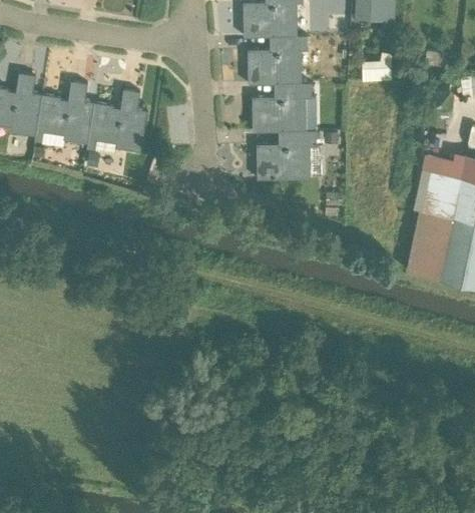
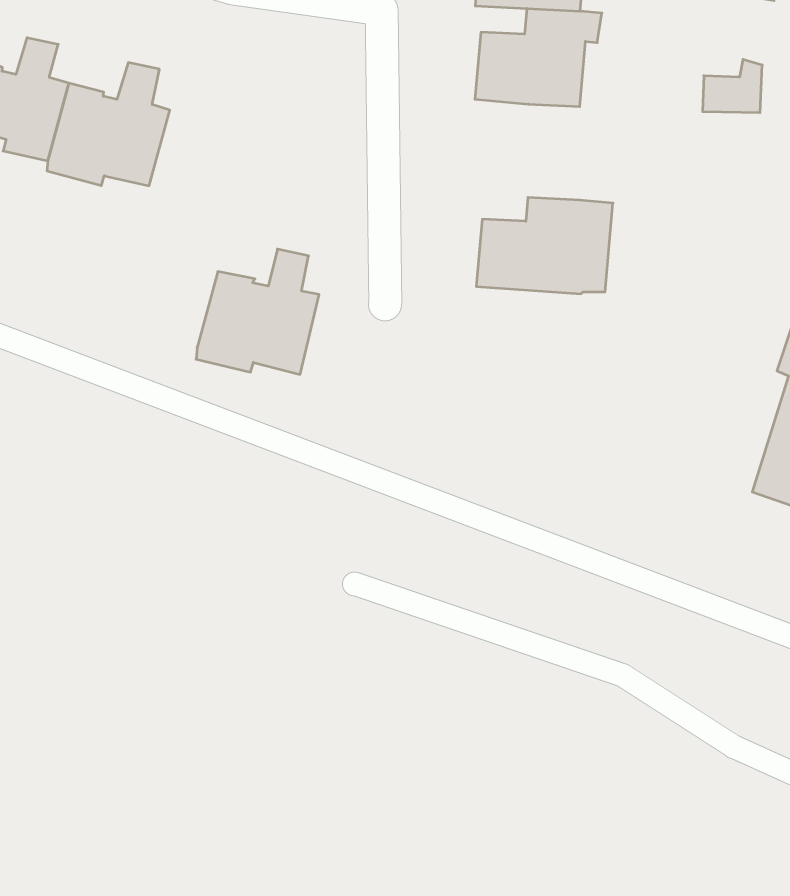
building: [252,83,312,131] -> none
building: [87,89,146,152] -> [196,249,319,374]

